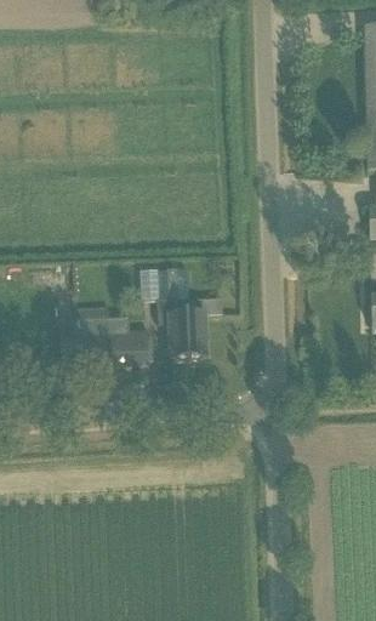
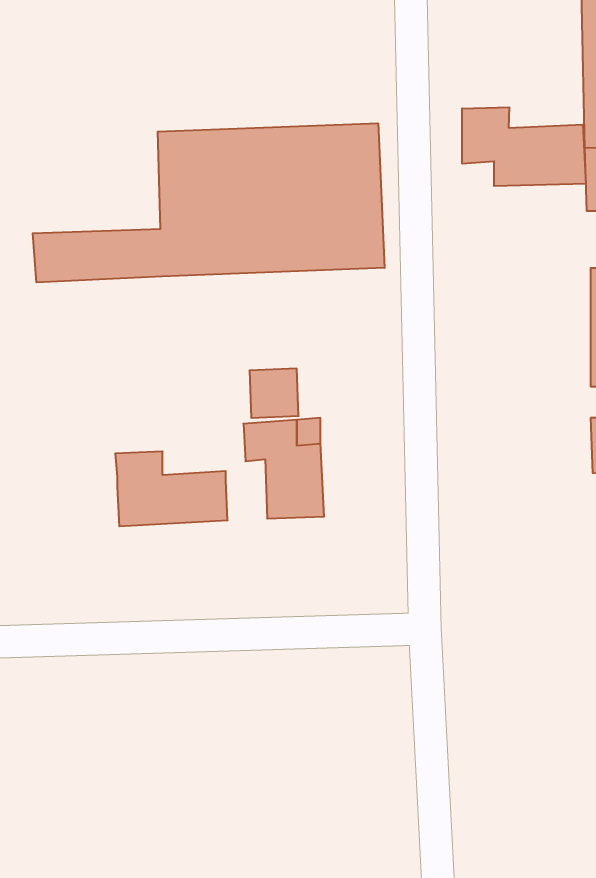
building: none -> [462,107,586,186]
building: none -> [33,123,385,282]

